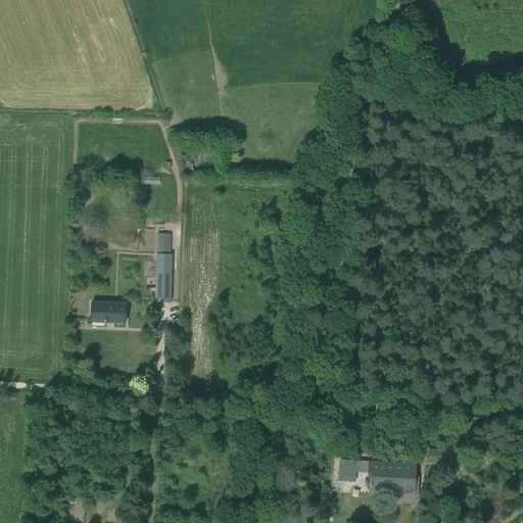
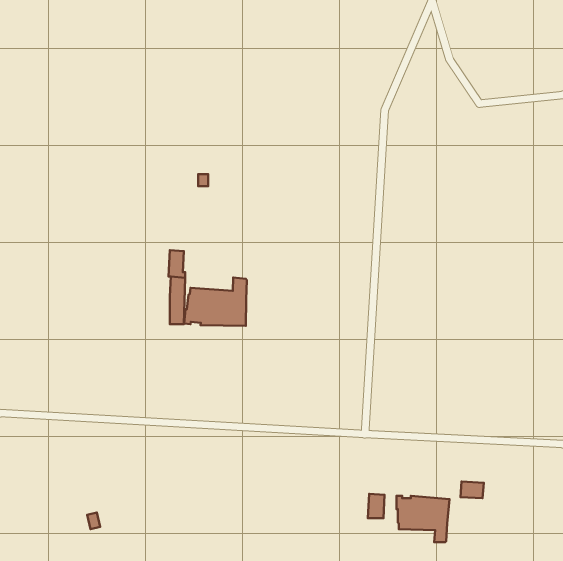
building: none -> [184,278,247,326]
building: [91,300,126,323] -> none

